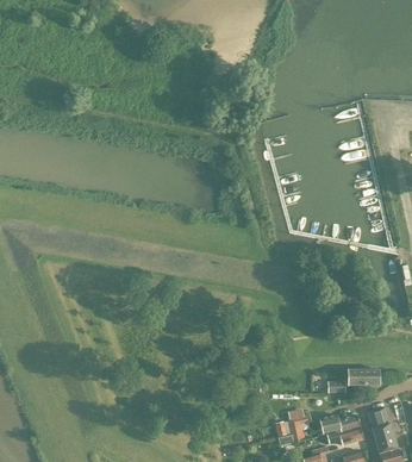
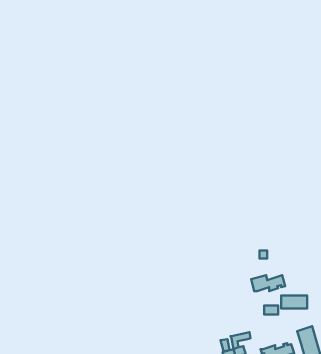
building: [322,414,362,433] -> [251,275,285,291]

